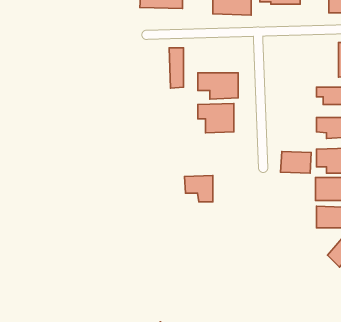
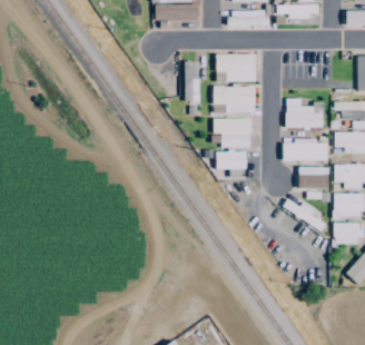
building: none -> [216,55,256,82]
building: none -> [286,98,323,128]
building: none -> [284,138,327,160]
building: [185,176,213,202] -> [216,151,245,178]

